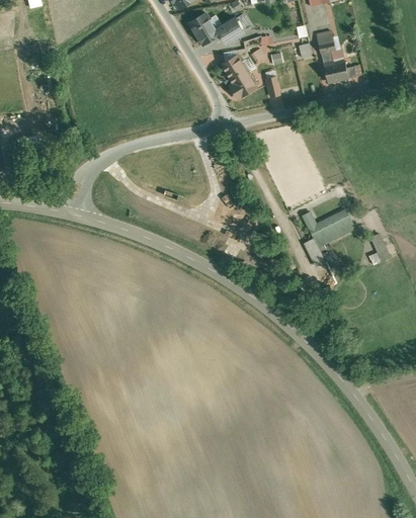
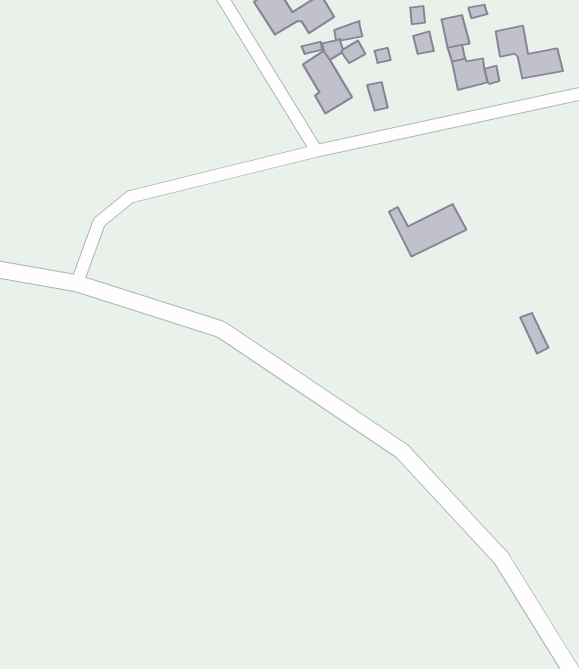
building: none -> [496,26,563,79]
building: [304,210,356,246] -> [389,204,466,256]

